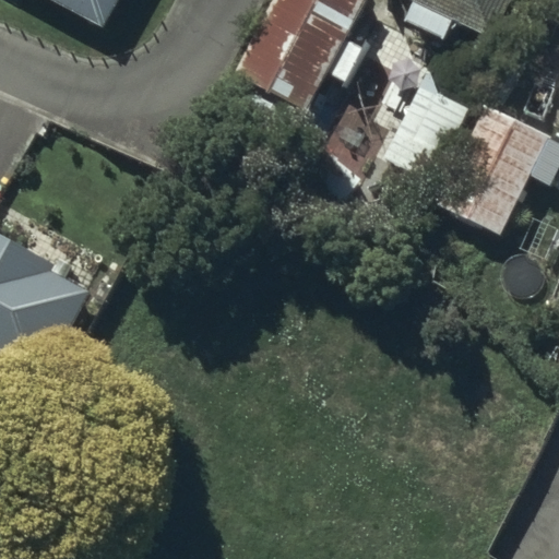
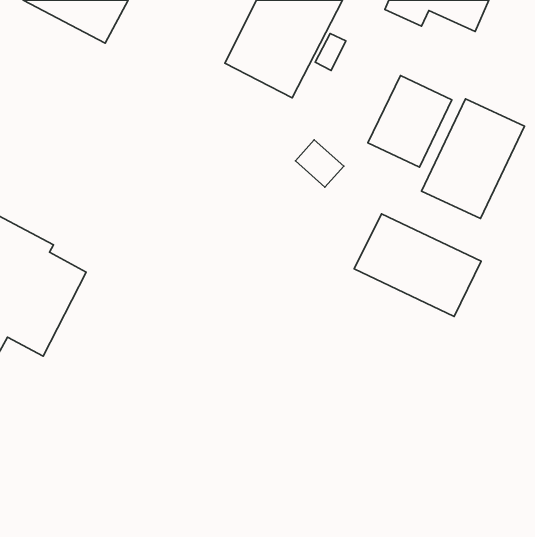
building: none -> [354,214,481,316]

